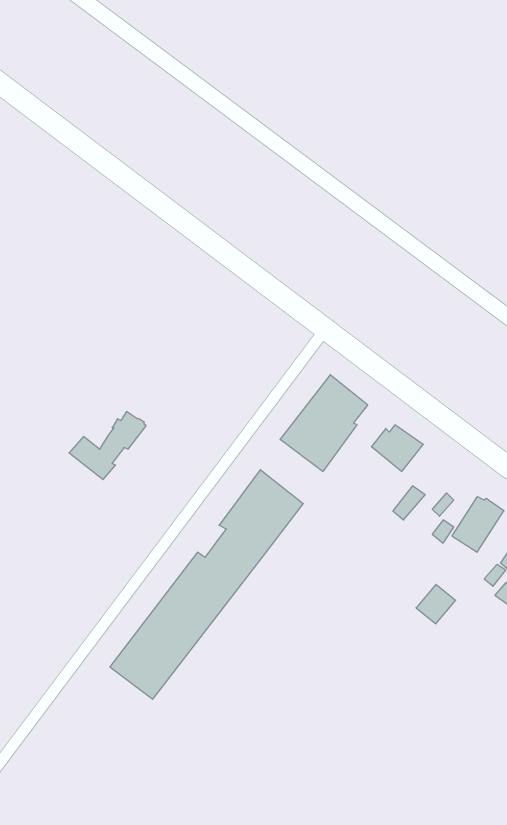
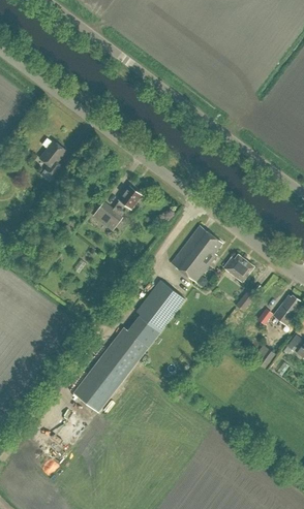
building: none -> [39,139,66,176]
building: [69,412,146,480] -> [96,186,141,225]

